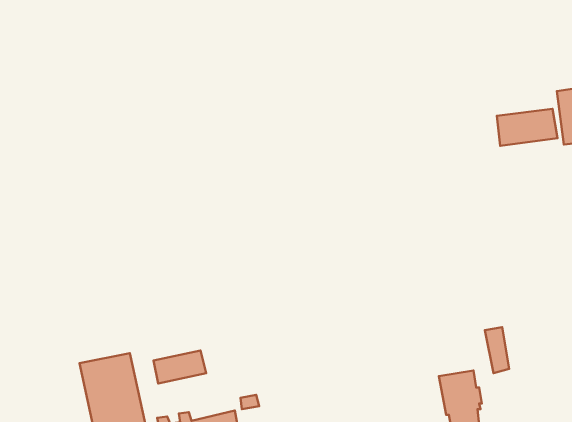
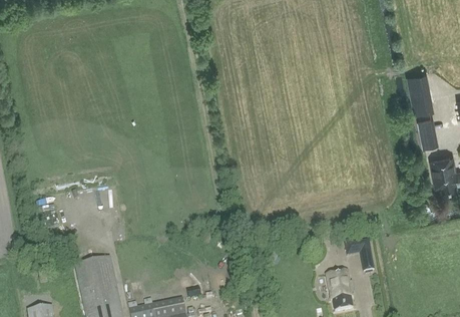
building: [497,109,557,146] -> none
building: [154,351,206,384] -> none

